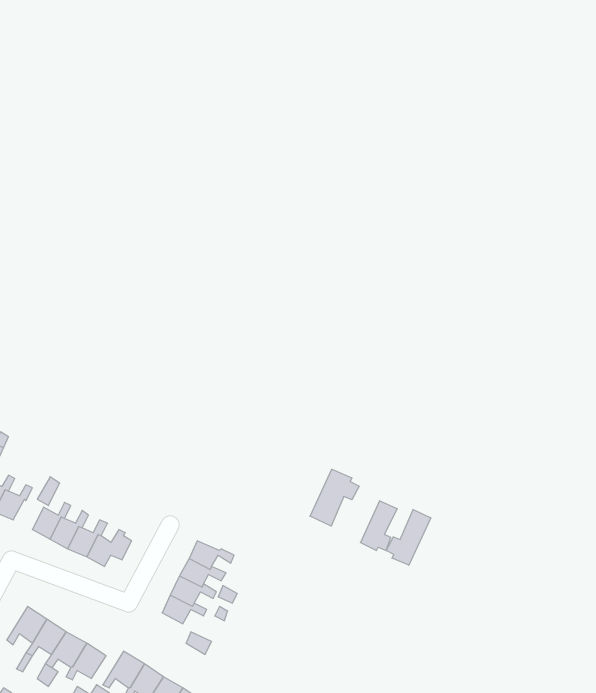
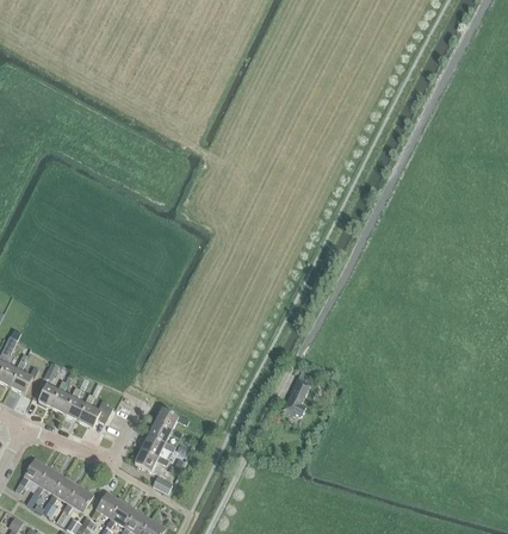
building: [310,469,359,526] -> none
building: [386,509,431,565] -> none

